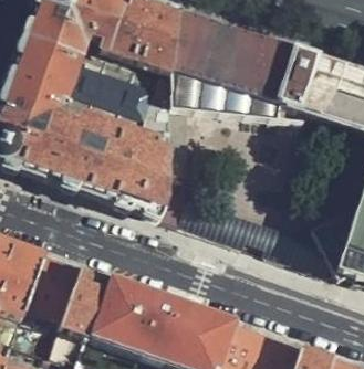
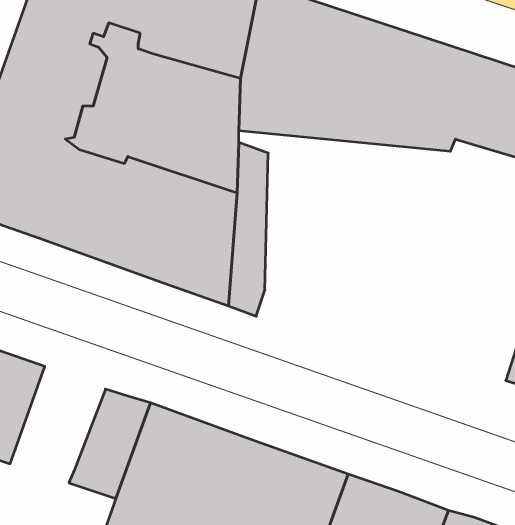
building: [23,255,81,321] -> none

